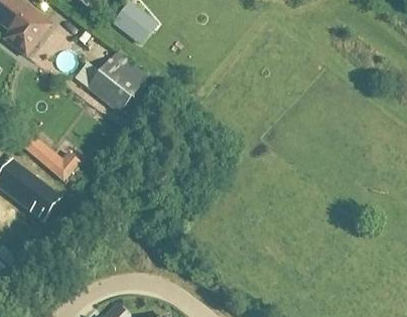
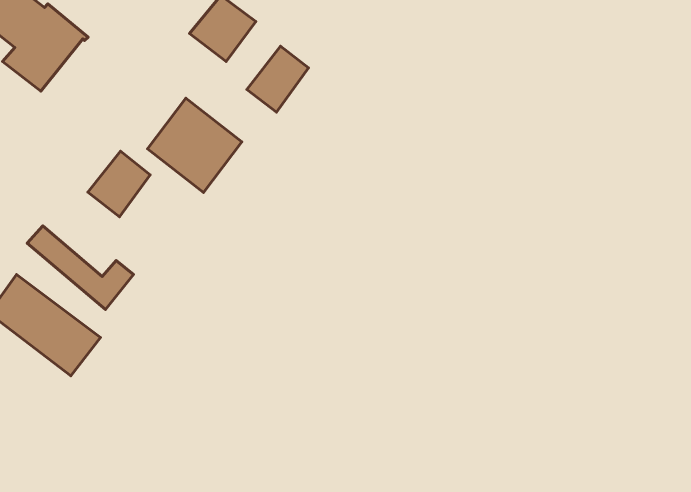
building: none -> [247,46,308,112]
building: none -> [88,151,150,217]

